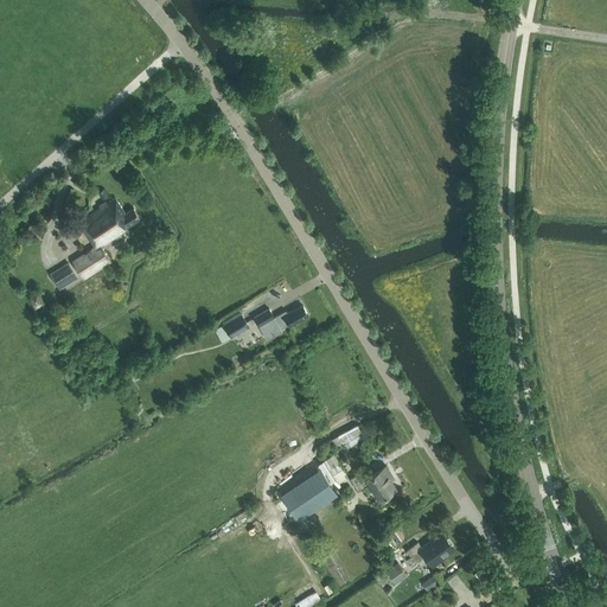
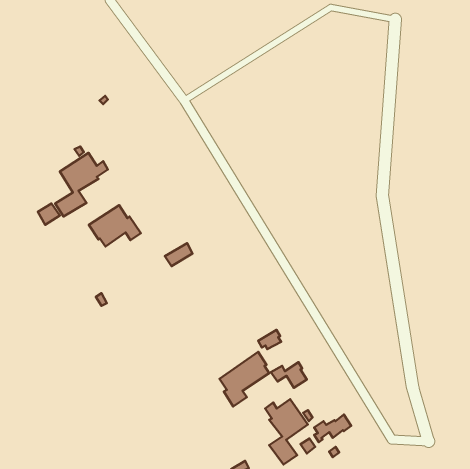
building: none -> [89,205,141,247]
building: [253,306,307,339] -> none
building: none -> [265,399,308,465]

